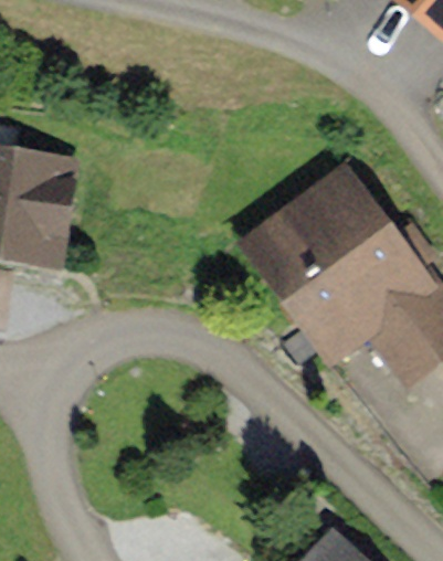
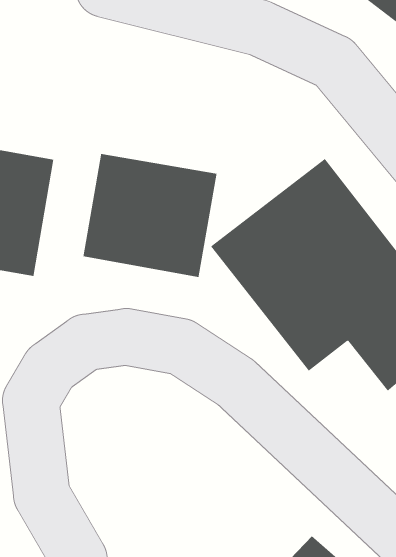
building: none -> [83,153,217,278]

